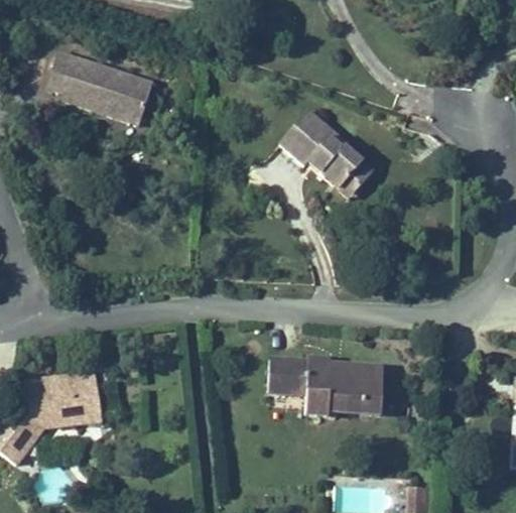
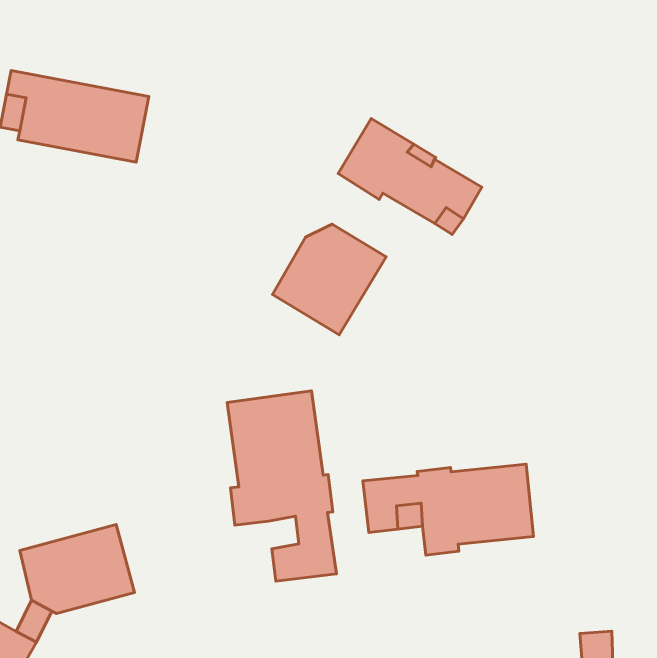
building: none -> [273,224,386,335]
building: none -> [227,391,337,581]

